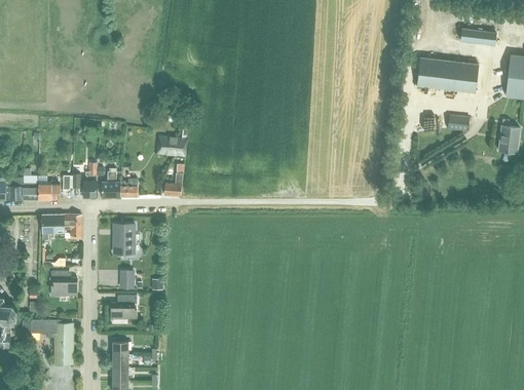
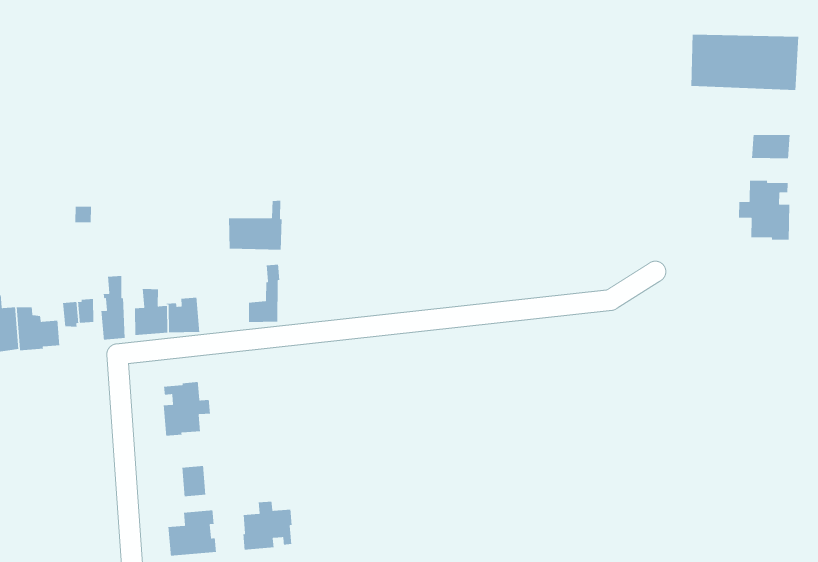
building: none -> [738,180,790,241]
building: [41,215,81,241] -> none
building: [50,271,76,296] -> none
building: none -> [243,501,292,551]

